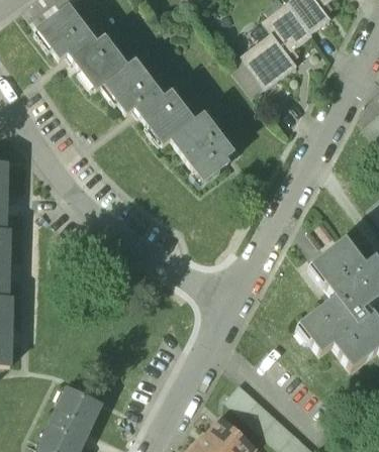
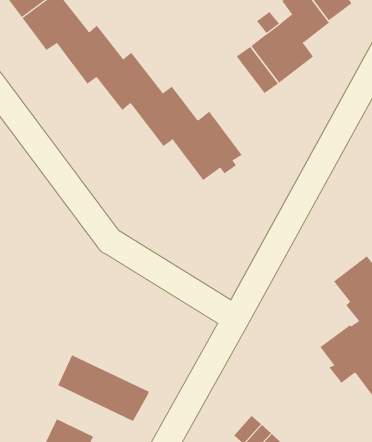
building: none -> [58,354,149,422]

